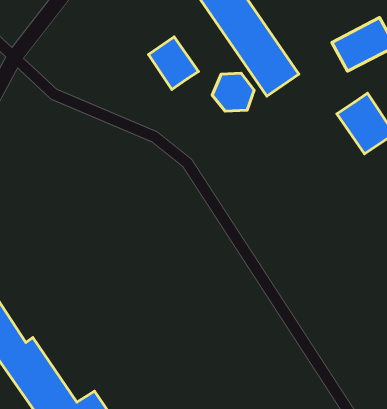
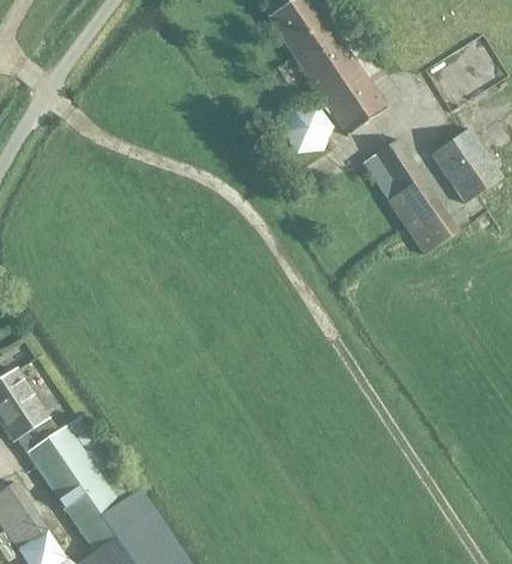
building: [149,37,199,90] -> none
building: none -> [361,140,456,256]

